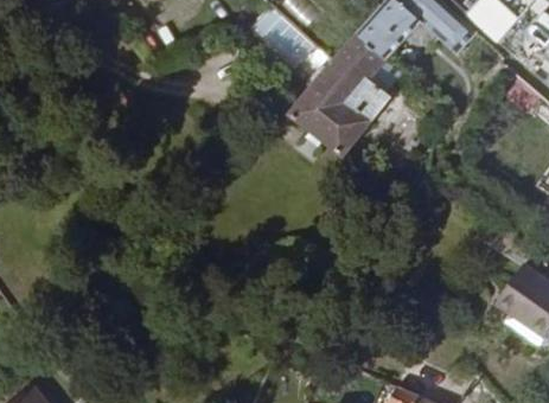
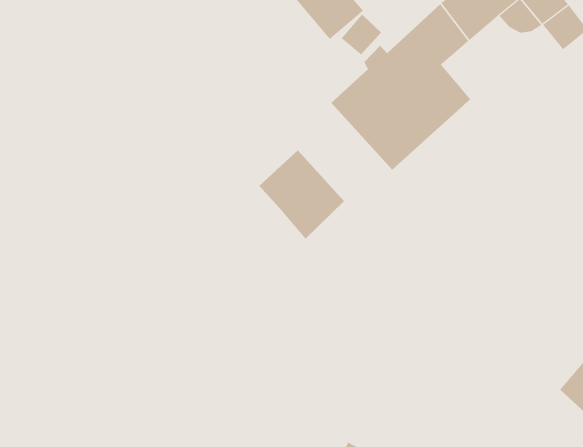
building: none -> [259,149,345,239]

